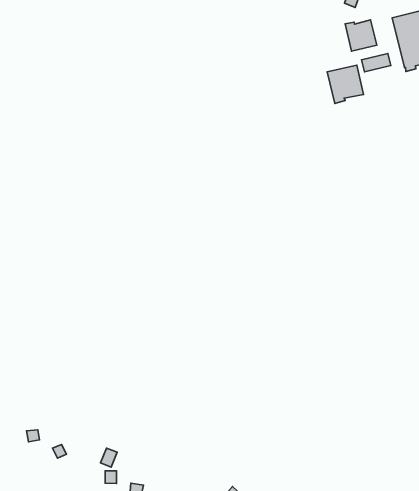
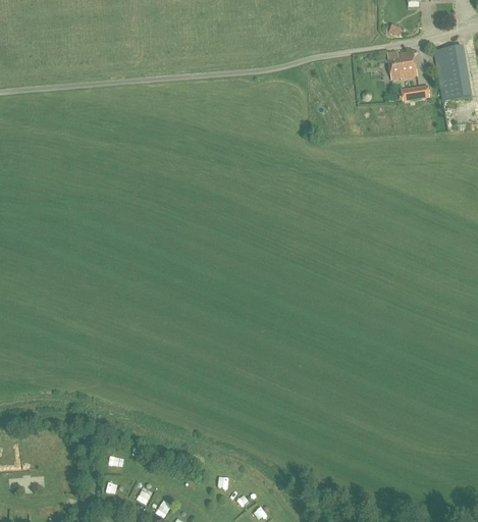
building: [327,65,363,103] -> none

